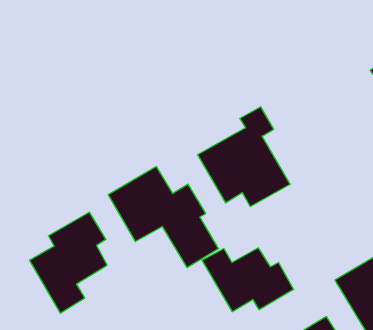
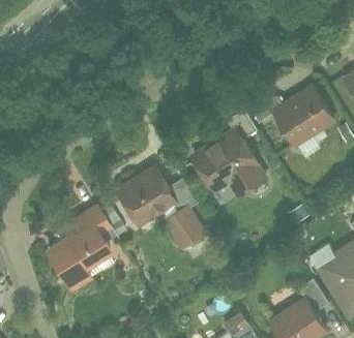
building: none -> [254,84,335,147]
building: [202,248,294,312] -> none

